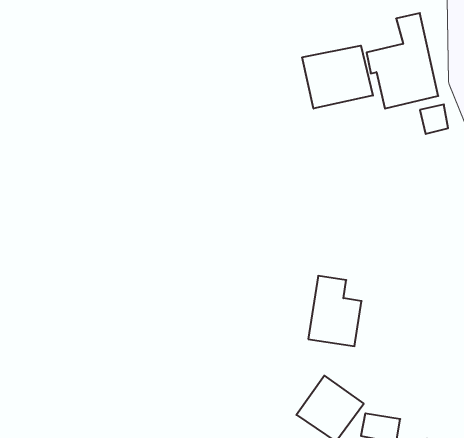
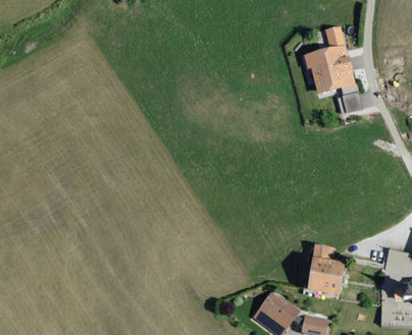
building: [302,46,373,109] -> none
building: [308,276,362,346] -> [306,244,345,295]

